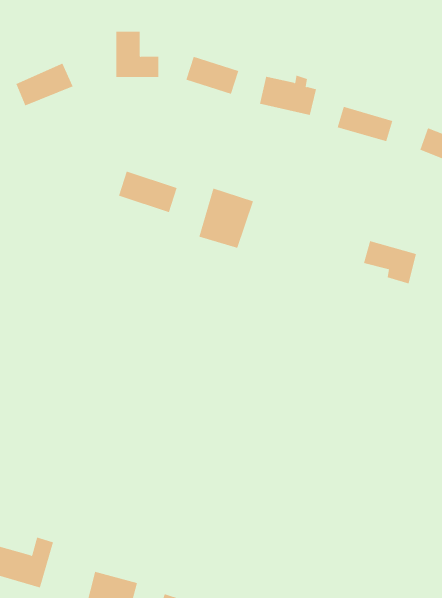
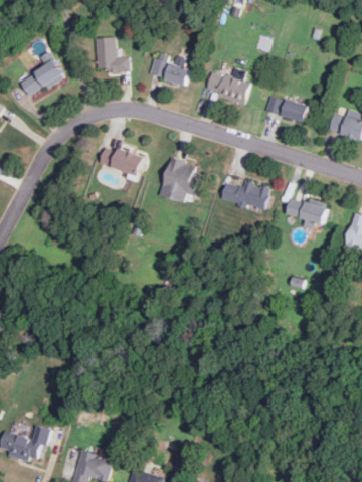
building: none -> [221,177,269,210]

